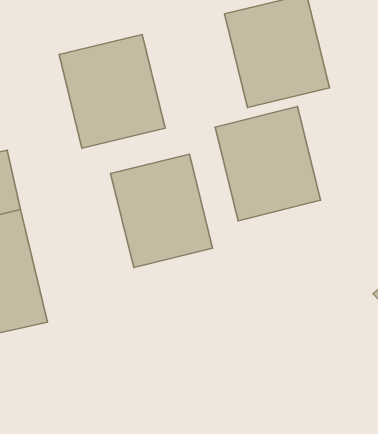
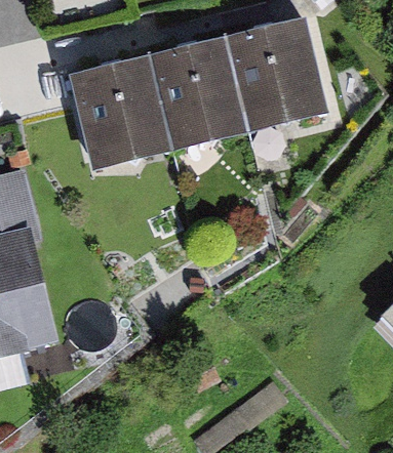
building: [215,106,320,221] -> [155,36,259,149]
building: [111,154,213,268] -> none

